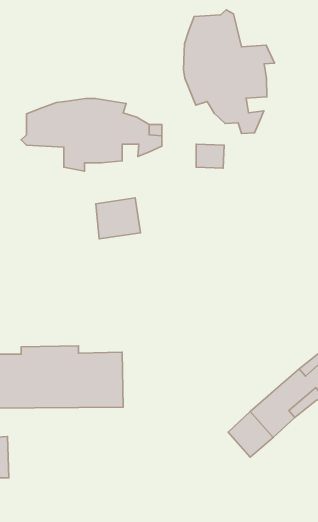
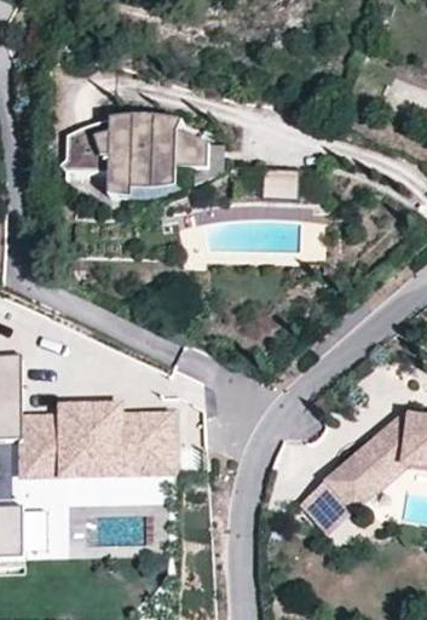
building: [183,10,274,134] -> none
building: [96,198,140,239] -> none

